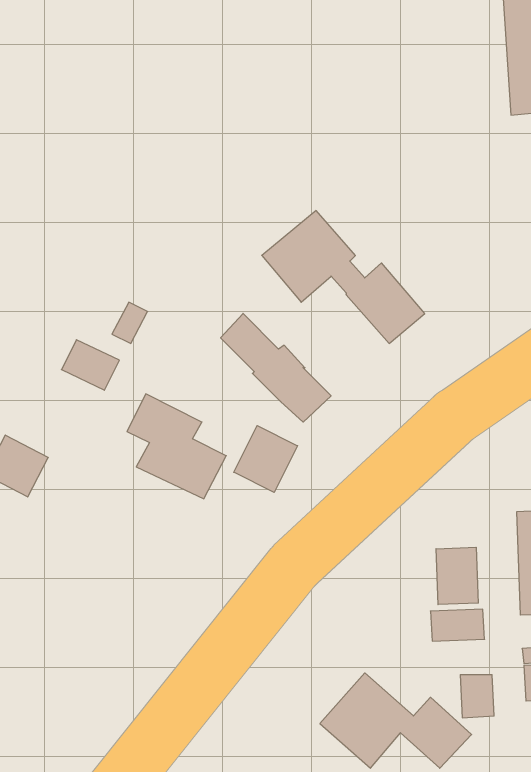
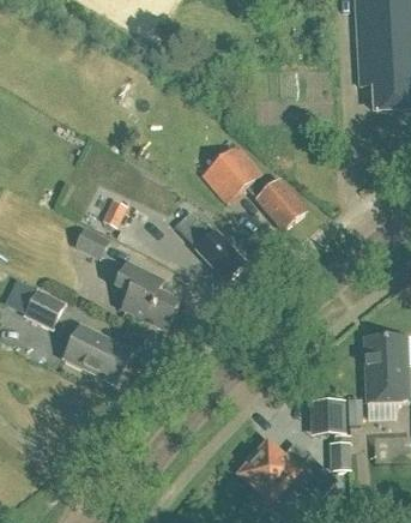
building: [234,426,298,492] -> none
building: none -> [64,323,131,380]
building: [436,547,478,605] -> none

